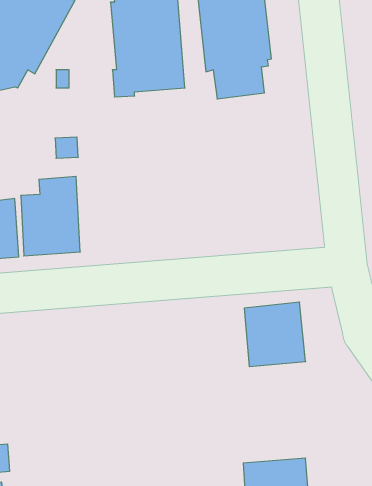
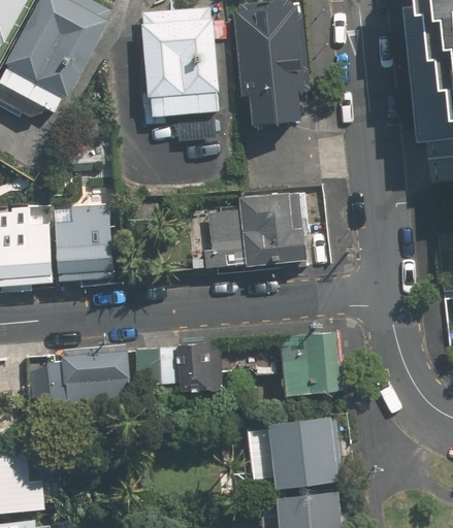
building: none -> [202,192,304,268]
building: none -> [137,341,222,388]
building: none -> [46,351,128,403]
building: none -> [268,415,350,486]

